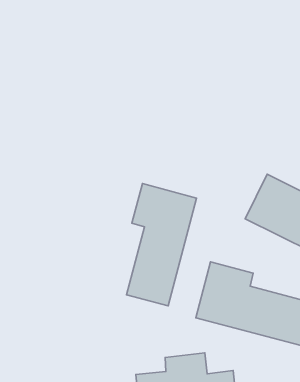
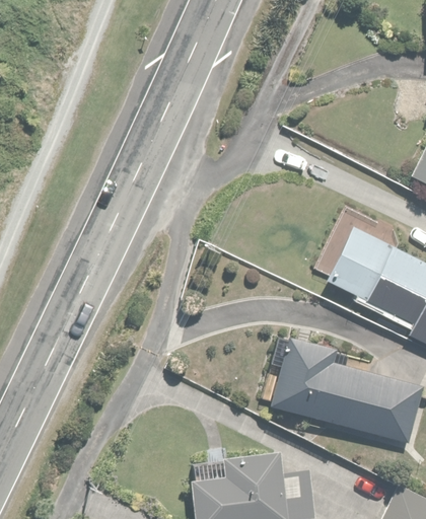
building: [127,184,197,306] -> none

